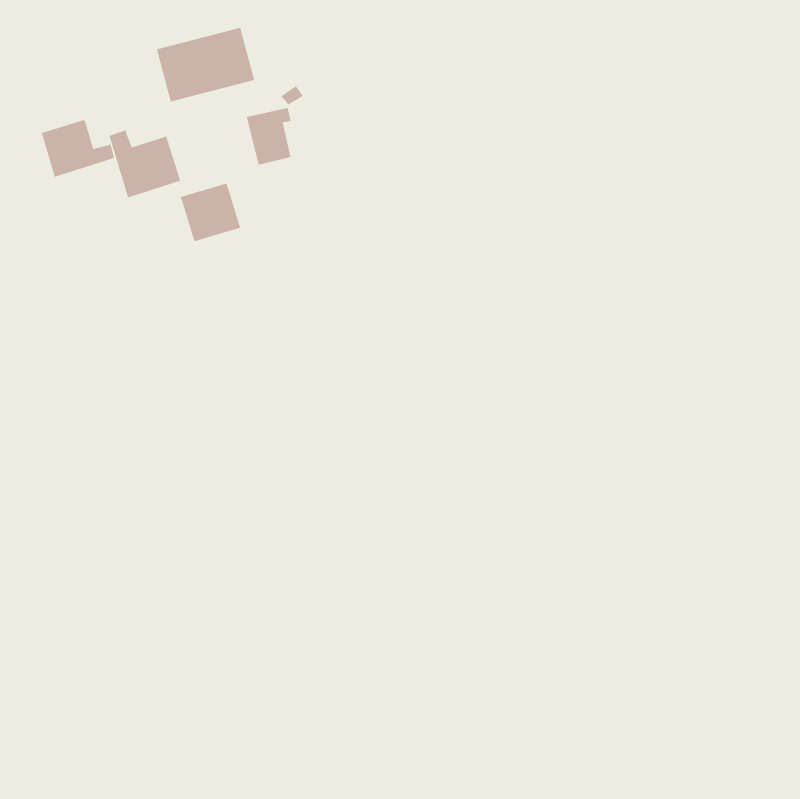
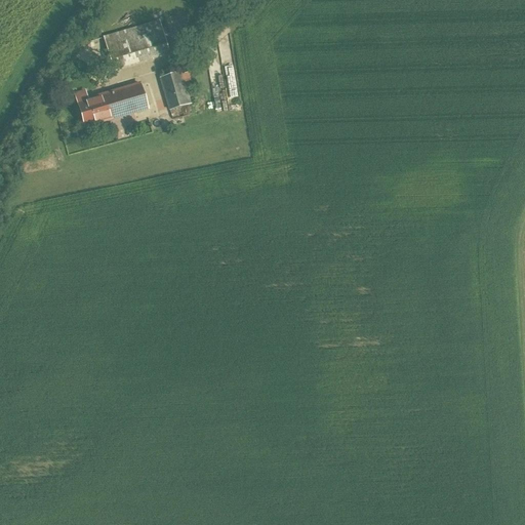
building: [41,119,115,178] -> none
building: [180,182,241,242] -> [109,79,149,118]

